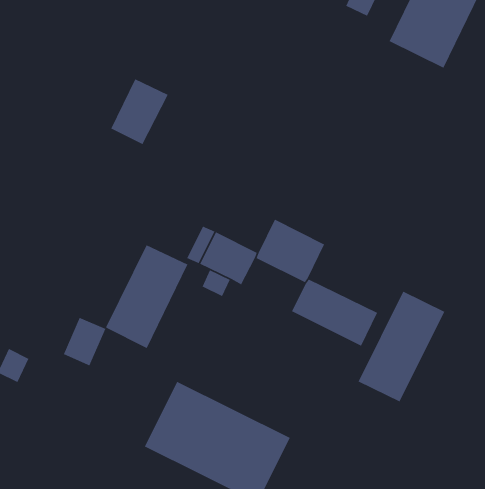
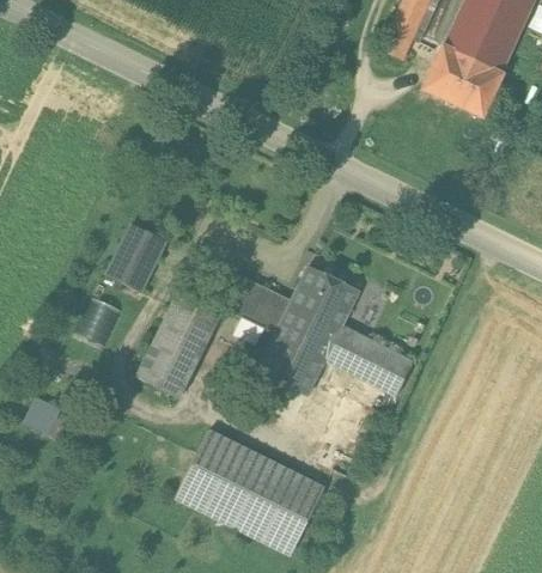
building: [110,78,169,145] -> [108,223,168,291]
building: none -> [257,305,340,395]
building: [357,290,445,403] -> none
building: [63,317,106,366] -> [78,294,122,345]

